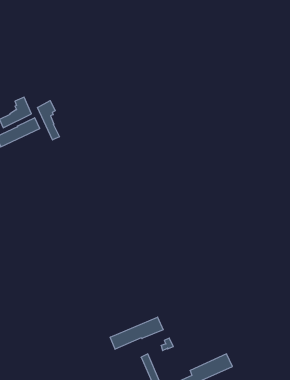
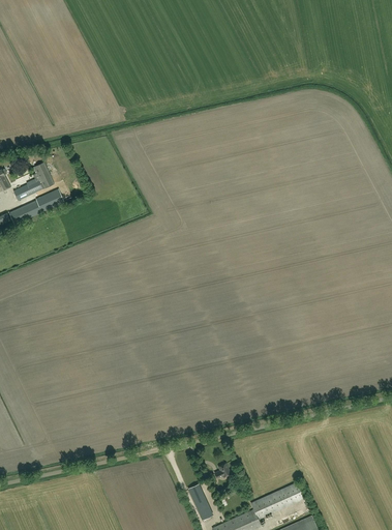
building: [38,101,59,140] -> none
building: [110,317,163,349] -> none

